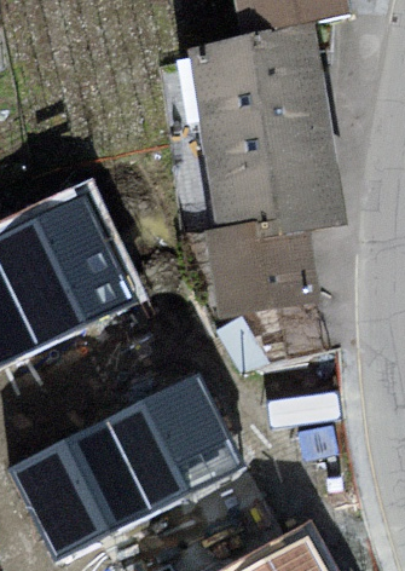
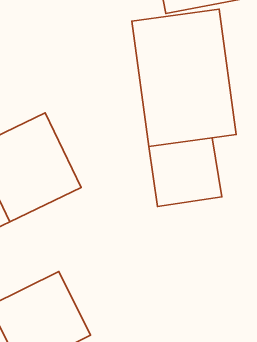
building: [102,374,235,508] -> none

